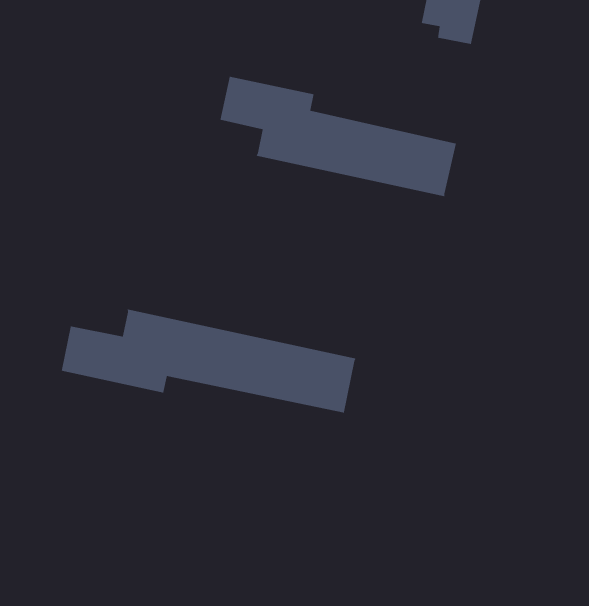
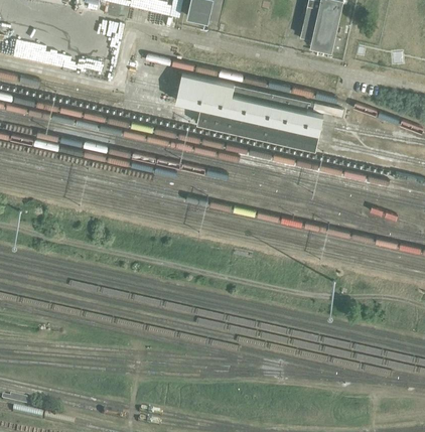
building: [61,308,357,414] -> none

